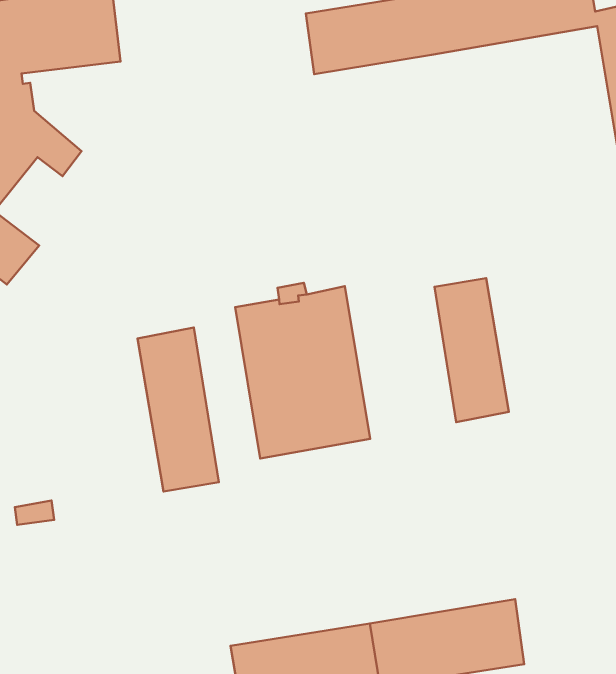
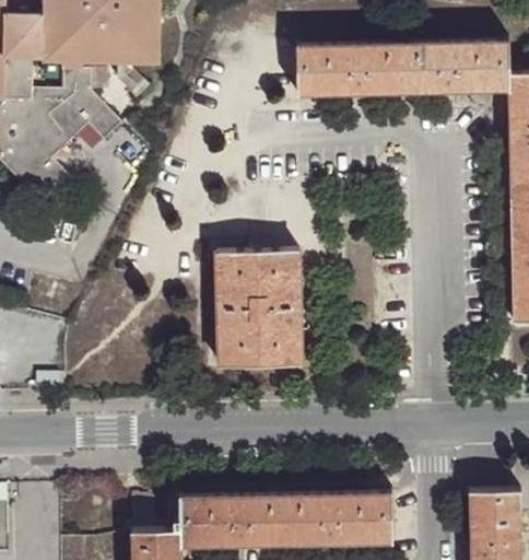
building: [434,278,509,422] -> none
building: [138,327,219,492] -> none

